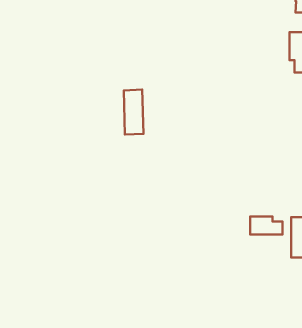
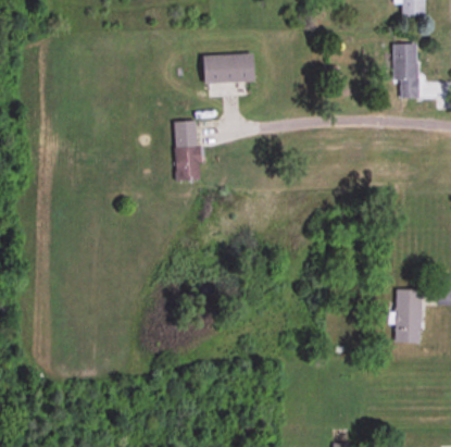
building: none -> [203,53,253,83]
building: [250,216,282,235] -> none

